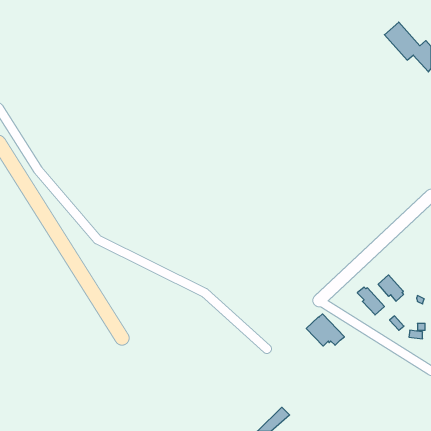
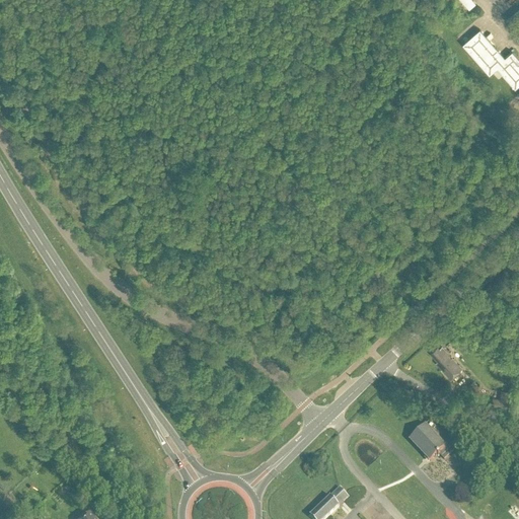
building: [378,275,403,301] -> none
building: [306,314,344,346] -> [409,422,454,460]

